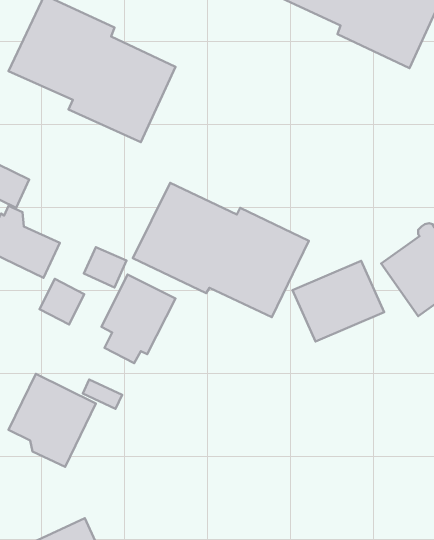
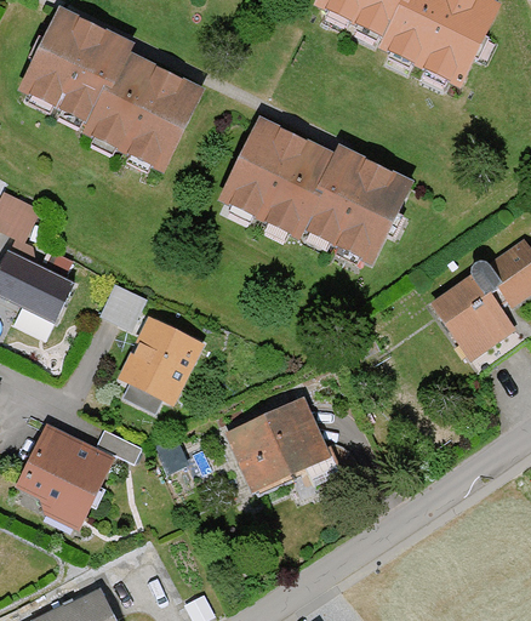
building: [133,183,309,317] -> [216,116,411,266]
building: [292,261,384,342] -> [225,400,327,490]
building: [40,279,84,324] -> none

